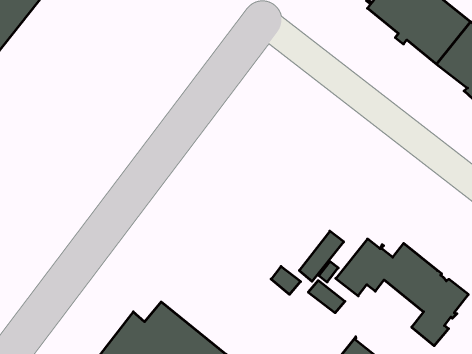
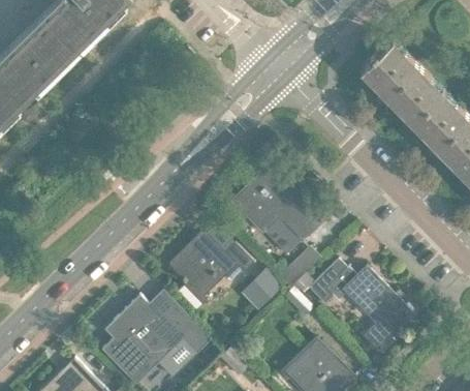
building: none -> [231,164,322,252]
building: none -> [168,231,254,310]

